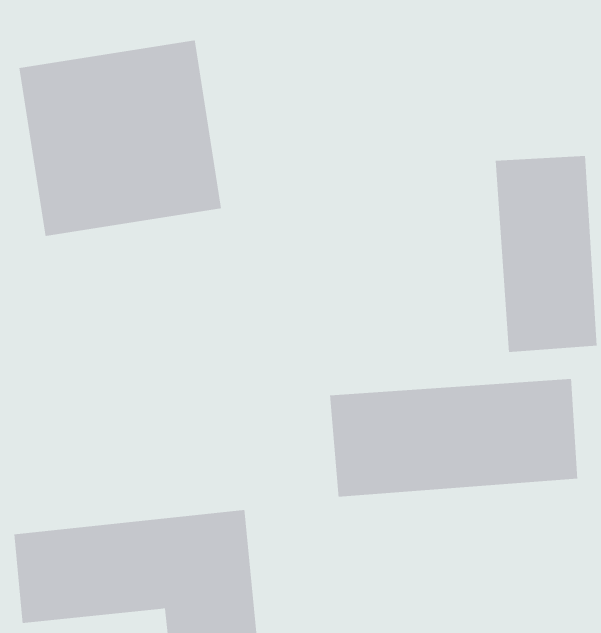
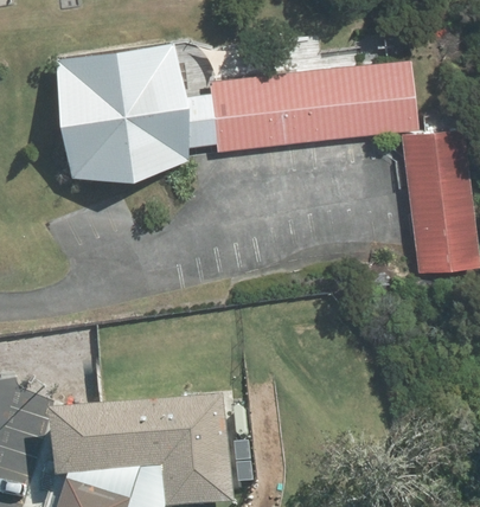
building: none -> [205,62,414,155]
building: [329,378,578,497] -> none

